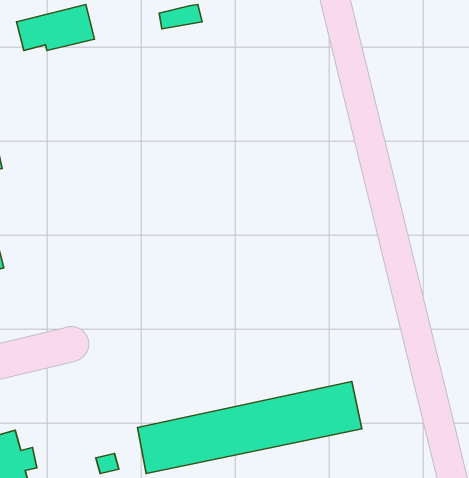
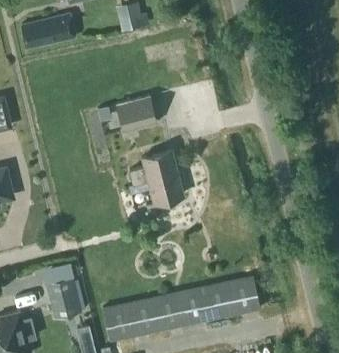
building: none -> [116,95,156,131]
building: none -> [127,150,183,204]
building: none -> [47,274,79,316]

